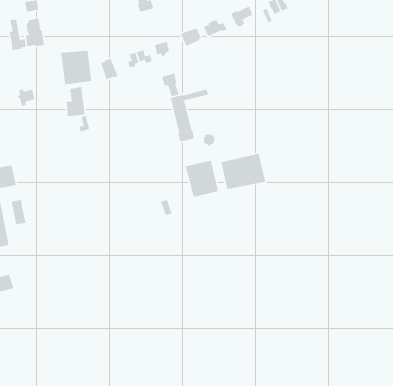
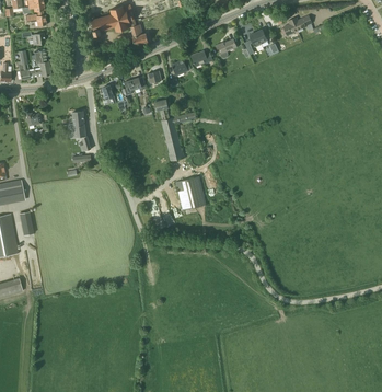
building: [60,50,92,85] -> none
building: [221,153,266,190] -> none

